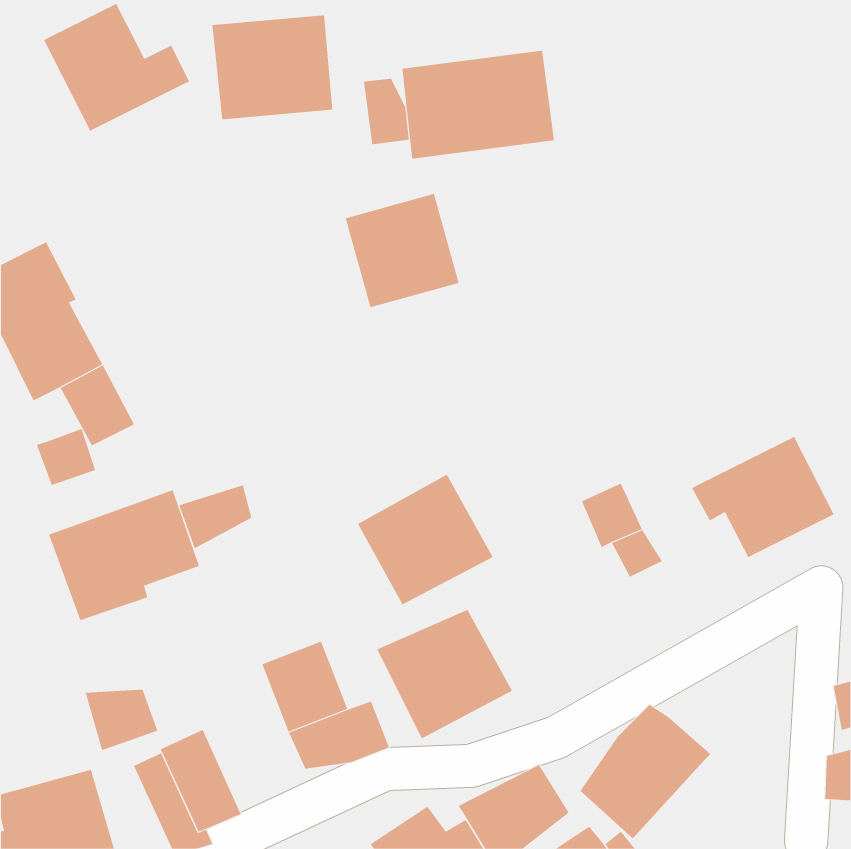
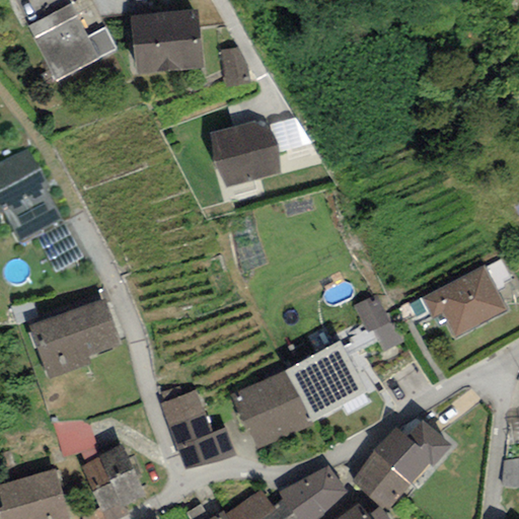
building: [402,50,554,160] -> none
building: [36,428,96,486] -> none
building: [357,474,494,605] -> [285,341,368,421]
building: [179,485,252,549] -> none
building: none -> [407,421,450,466]

